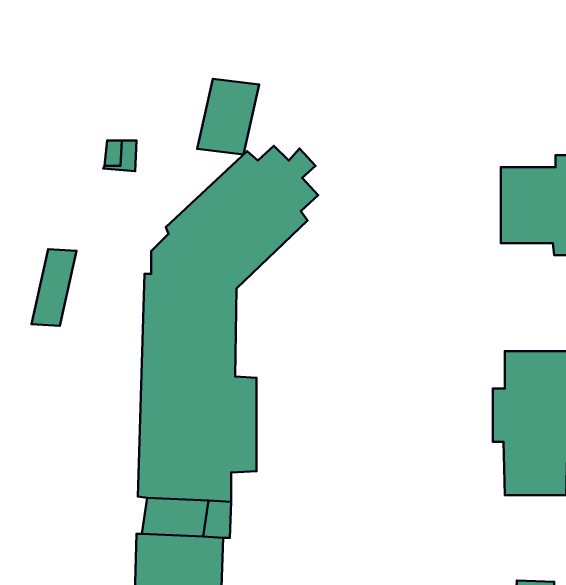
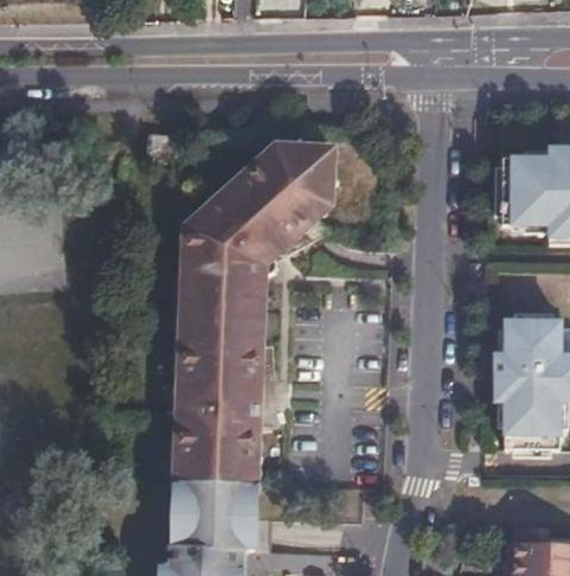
building: [197,79,259,155] -> none
building: [31,249,77,326] -> none

